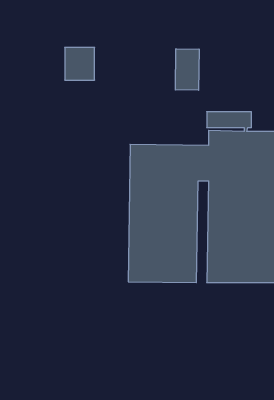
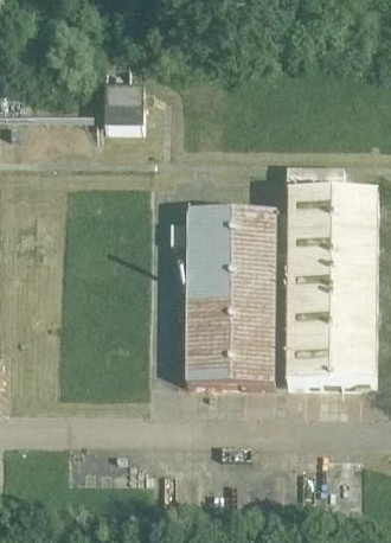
building: [175,49,199,90] -> none

